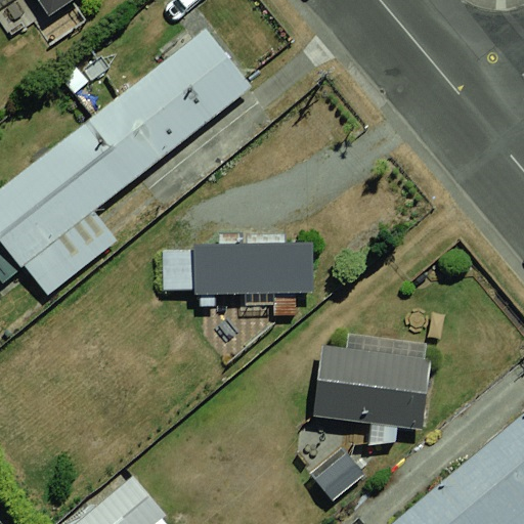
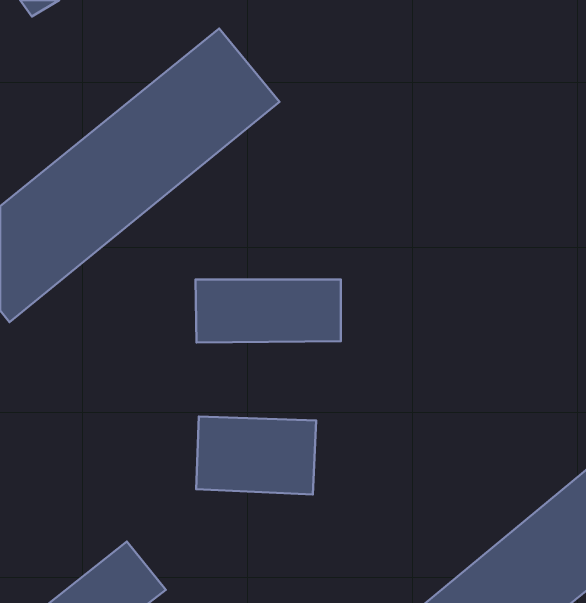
building: [308,343,429,427] -> none
building: none -> [196,417,316,495]

